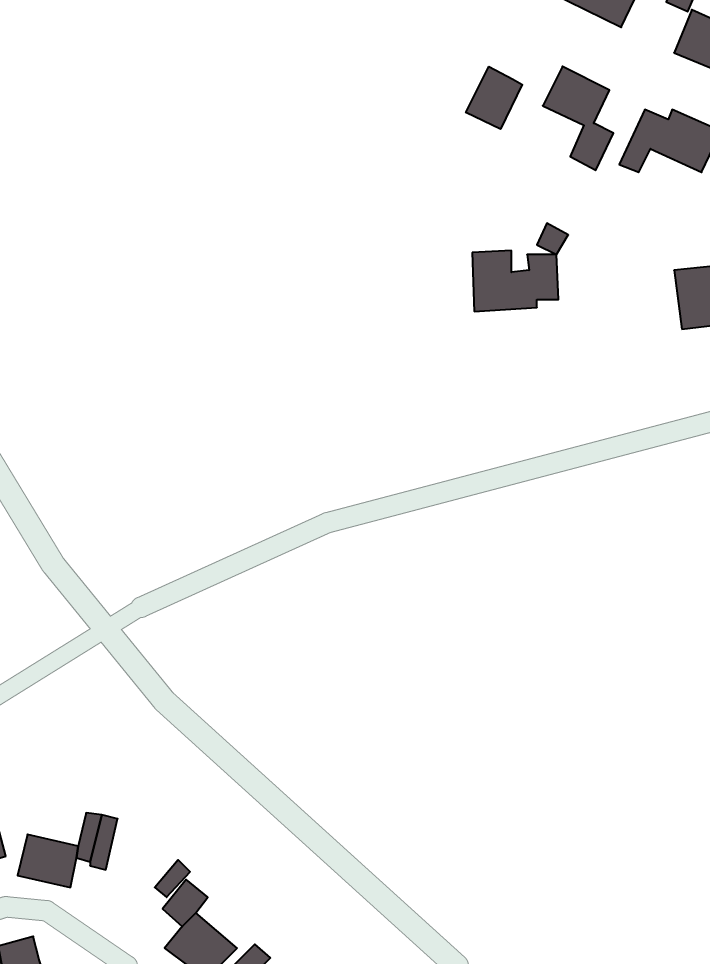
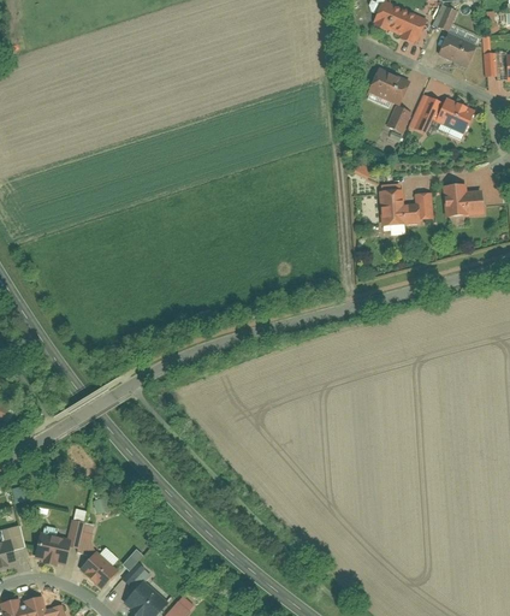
building: [466,67,522,129] -> none
building: [472,251,558,311] -> [380,191,433,229]
building: none -> [83,552,123,592]

